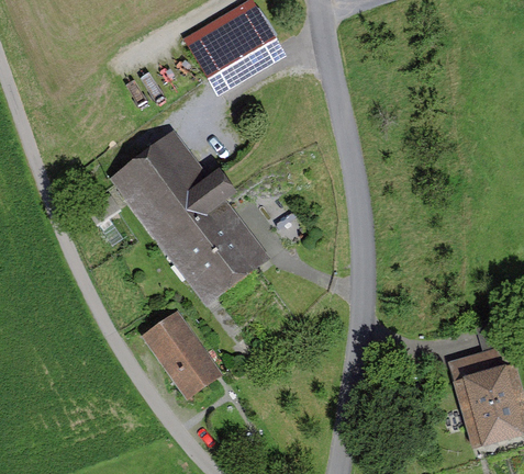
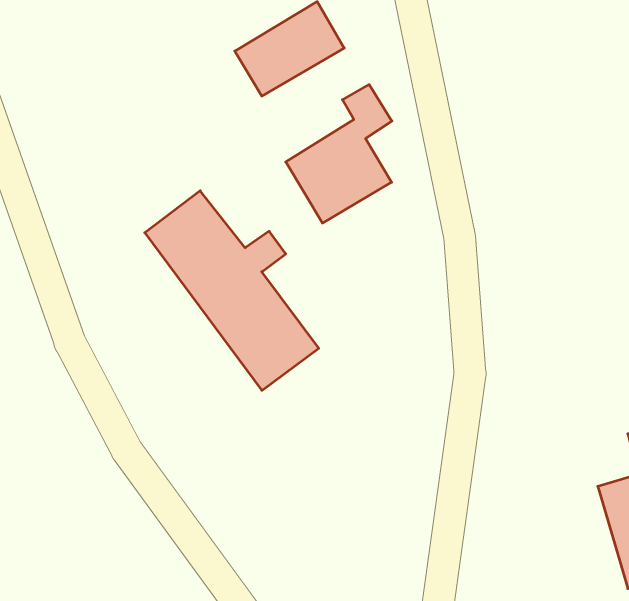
building: none -> [286,85,392,223]
building: [146,317,214,394] -> none

